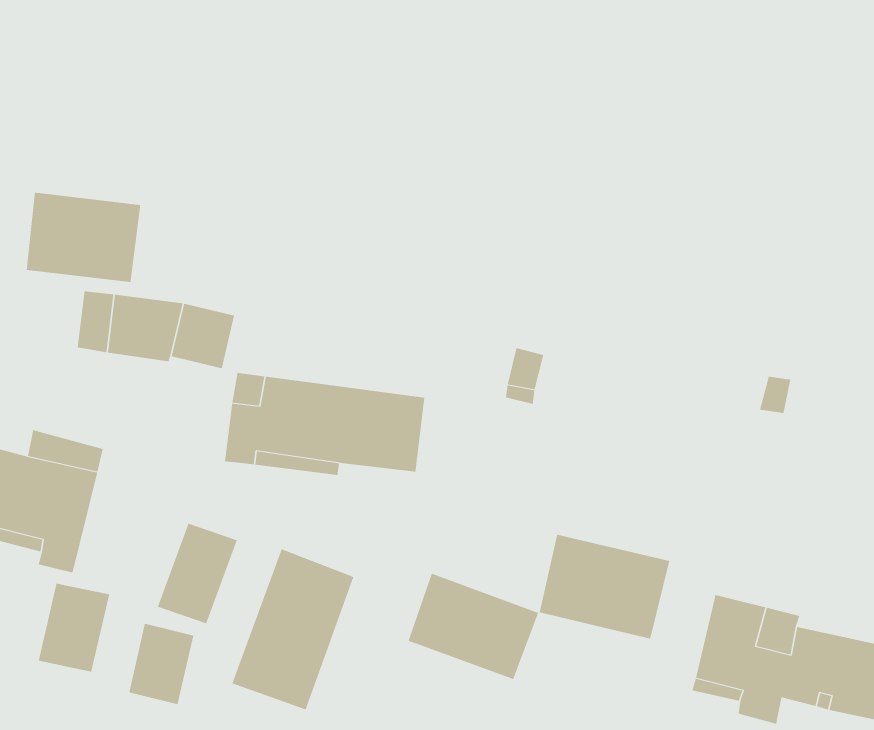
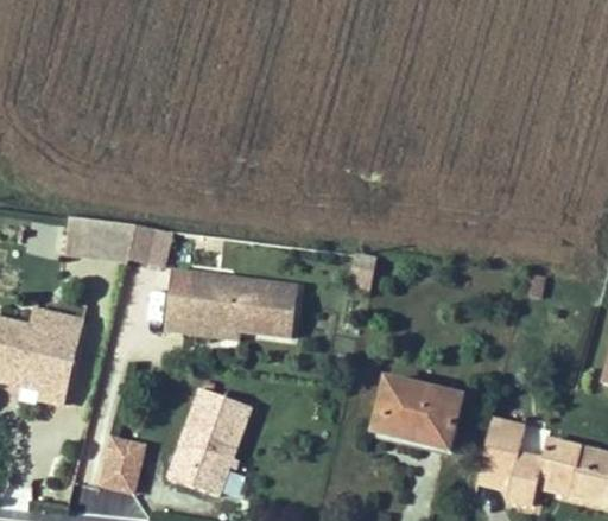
building: [26,192,141,283] -> none
building: [157,523,238,624] -> none
building: [408,573,539,680] -> none
building: [38,583,110,672] -> none

